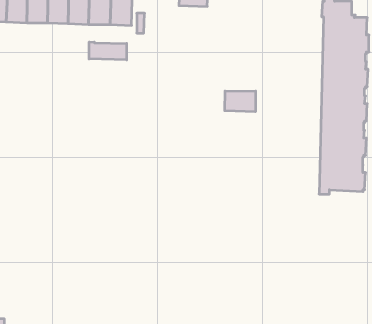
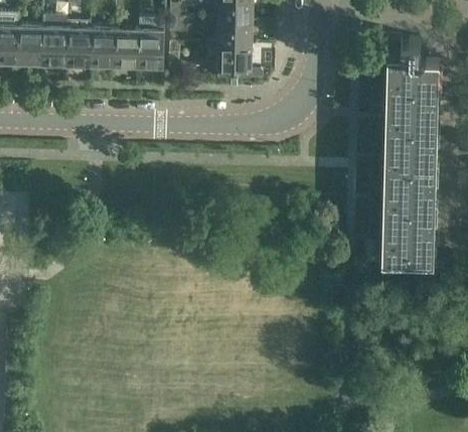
building: none -> [217,45,252,80]
building: [89,42,127,60] -> none
building: [225,91,256,112] -> none

